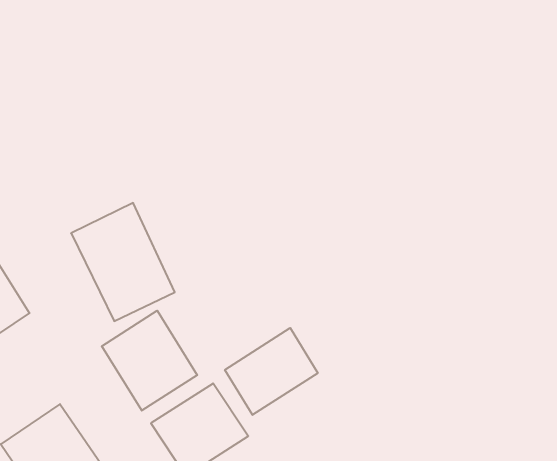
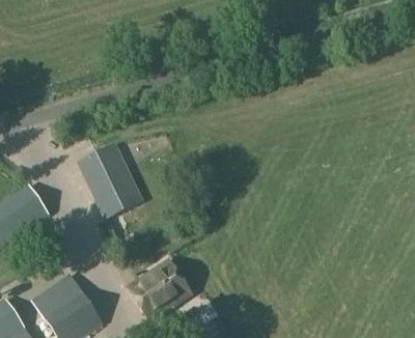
building: [102,311,197,411] -> none
building: [225,328,318,415] -> none

